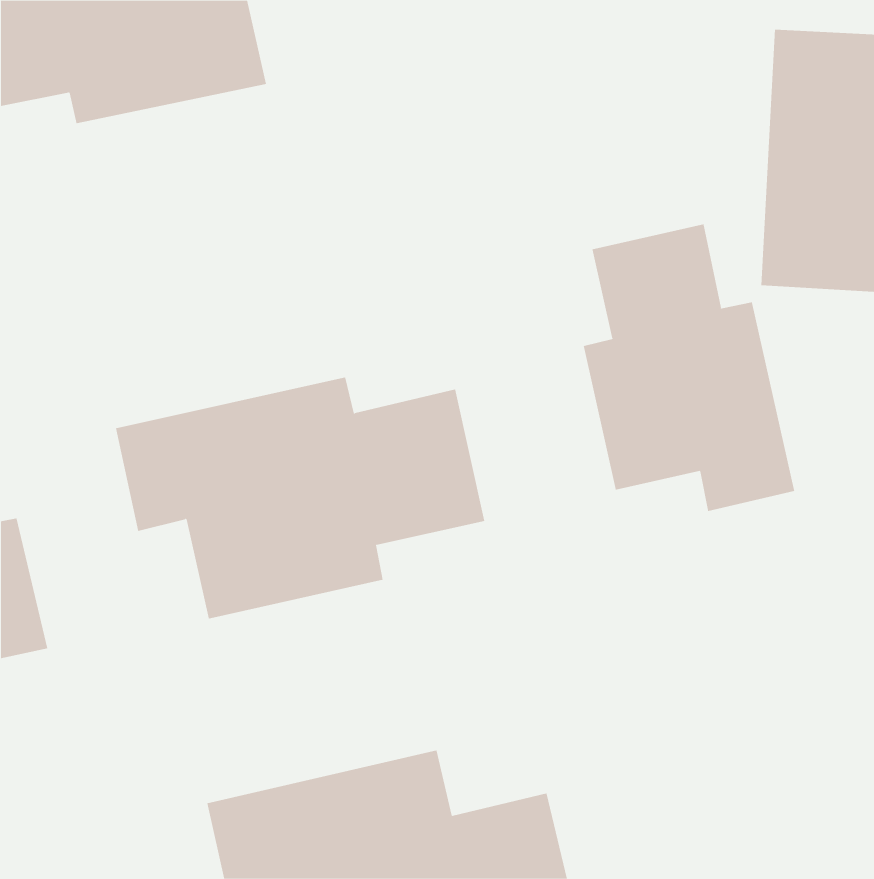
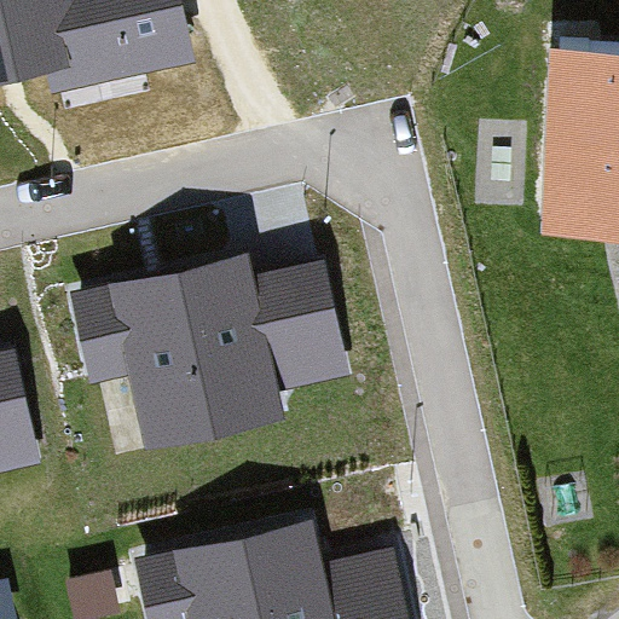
building: [583,224,795,512] -> none

